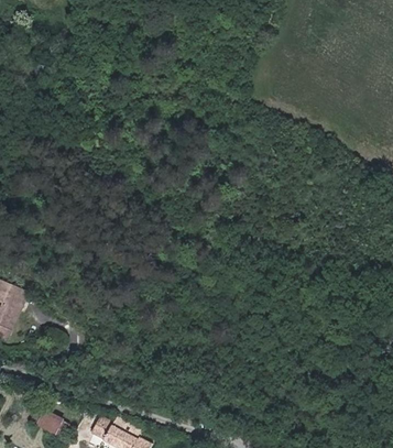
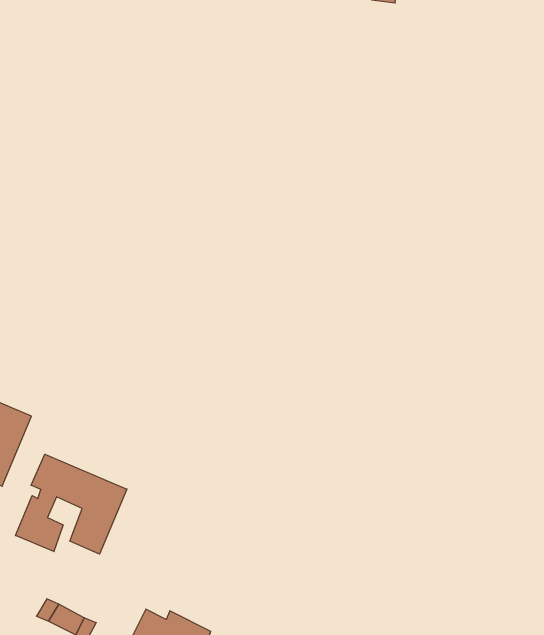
building: none -> [16,454,127,554]

